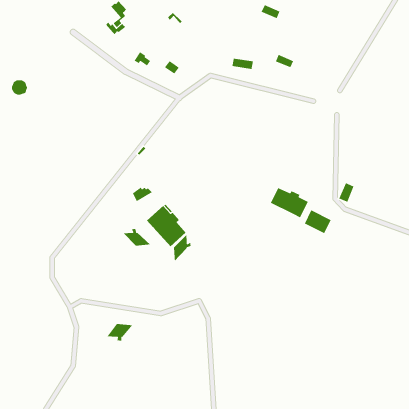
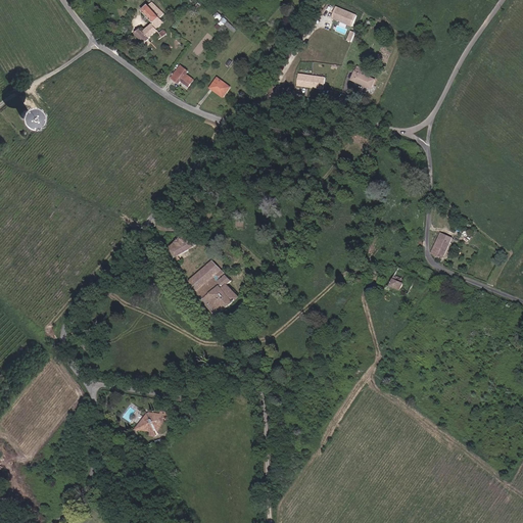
building: [270,187,309,218] -> none
building: [122,228,151,246] -> none
building: [173,233,191,262] -> none

